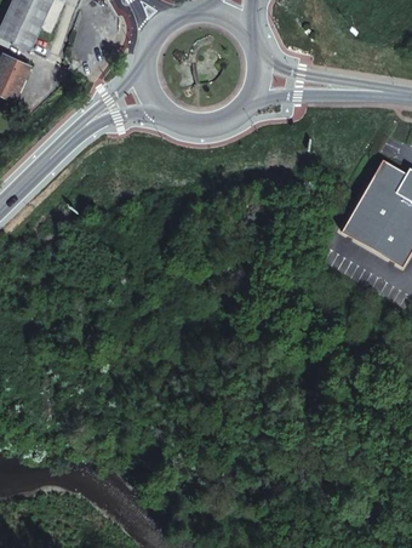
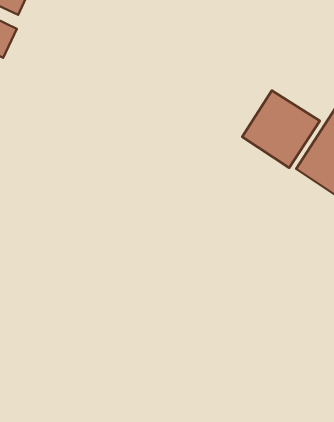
building: none -> [242,90,320,168]

